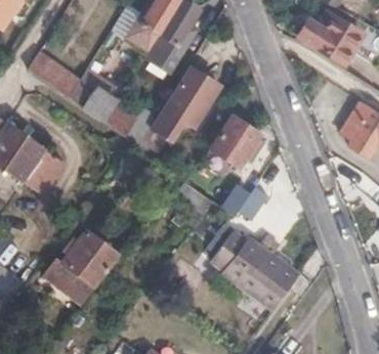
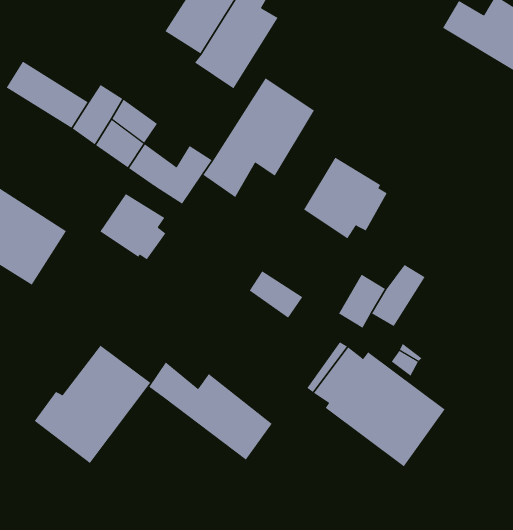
building: none -> [99,193,166,260]
building: none -> [148,362,273,461]

